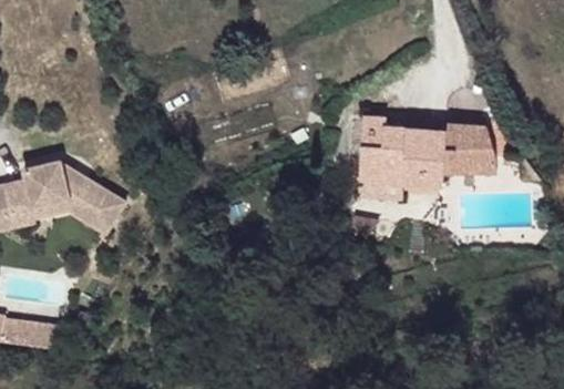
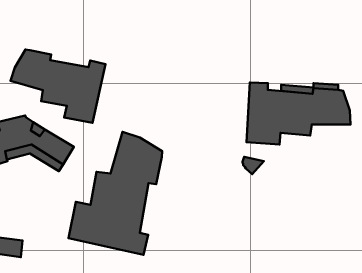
building: none -> [10,50,105,123]
building: none -> [69,132,162,255]

